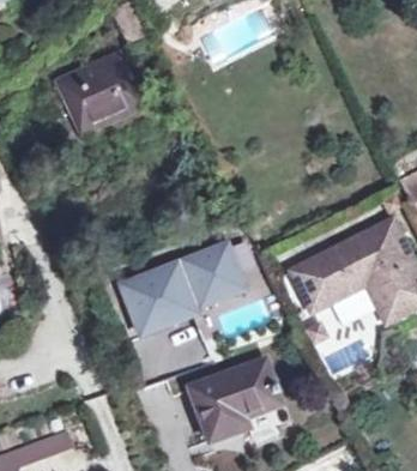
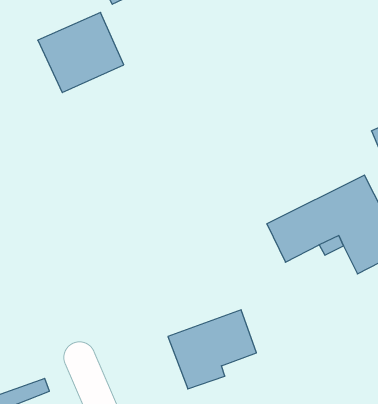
building: [121,241,244,328] -> none

